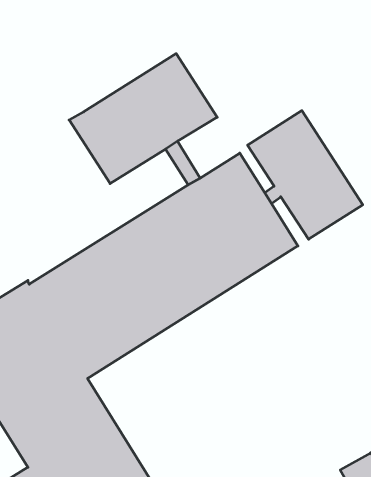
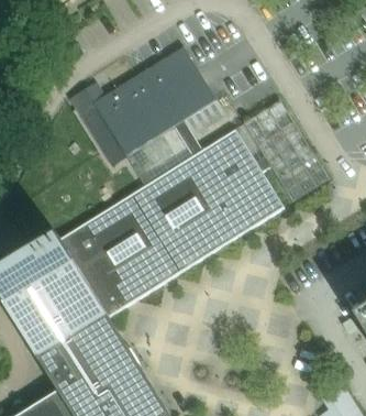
building: none -> [69,80,125,164]

